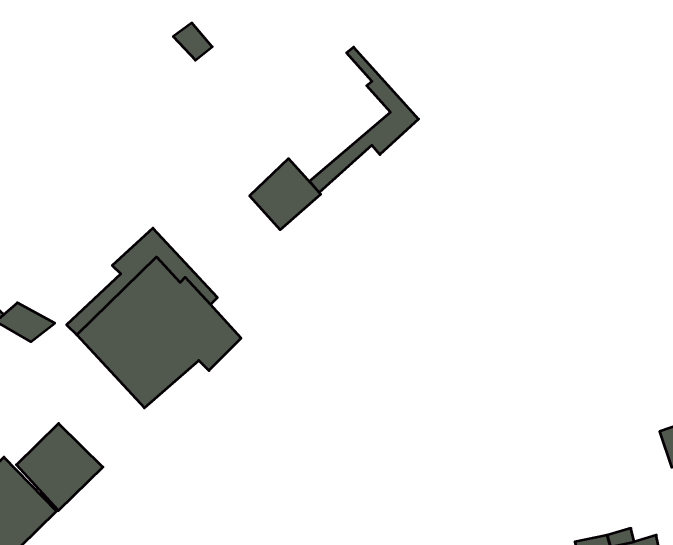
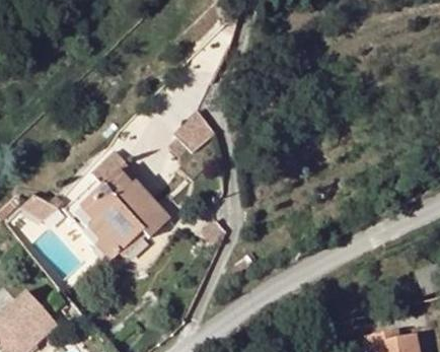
building: [310,47,419,192] -> none
building: [16,423,103,511] -> none

